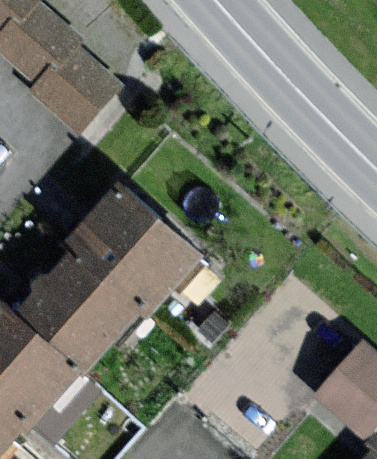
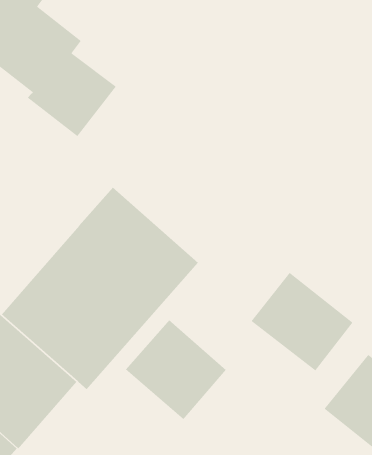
building: none -> [250,272,353,372]
building: none -> [125,319,227,420]

